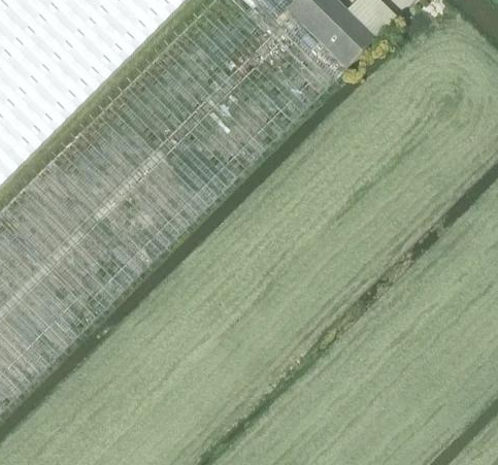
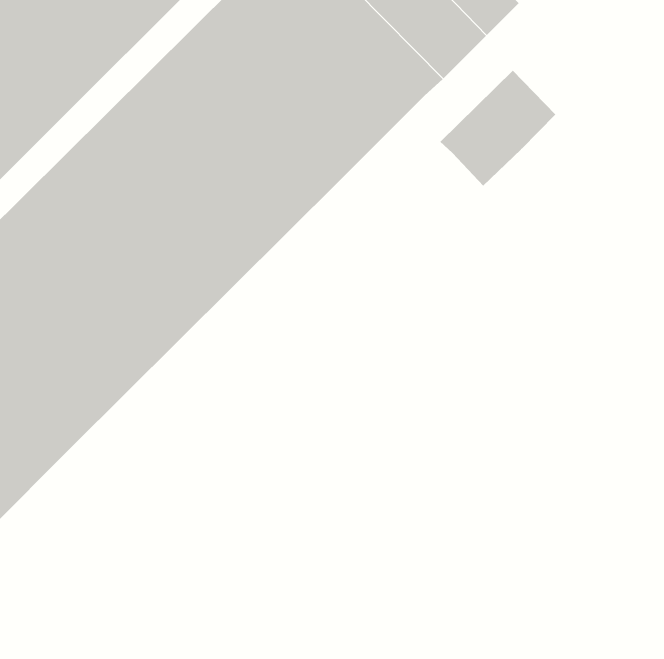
building: none -> [440,70,556,187]

